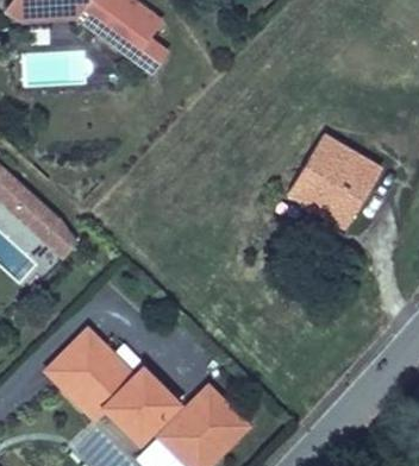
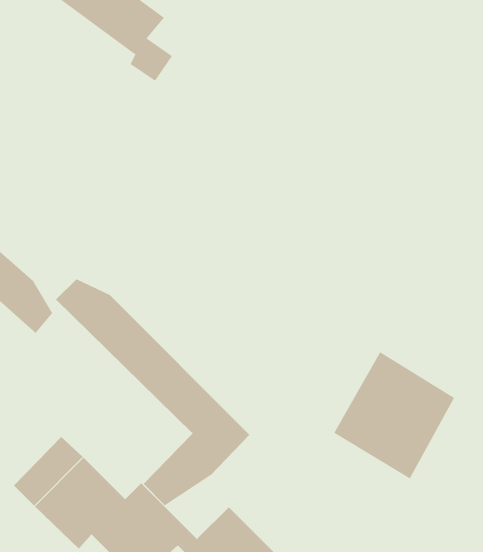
building: [288,136,379,231] -> [333,352,455,479]
building: none -> [55,279,250,506]

